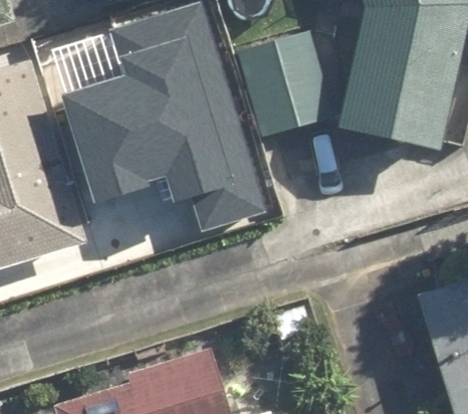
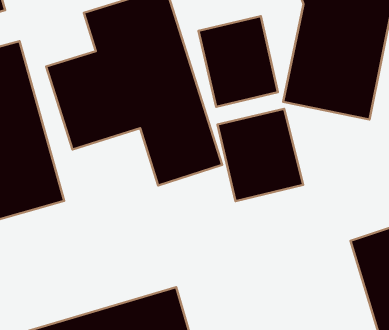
building: none -> [218,109,303,201]

